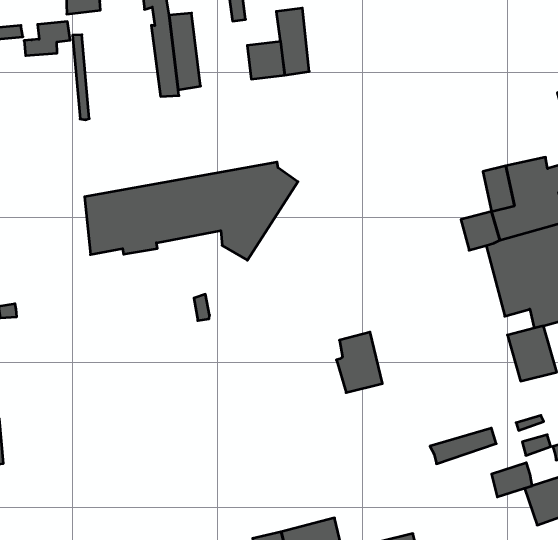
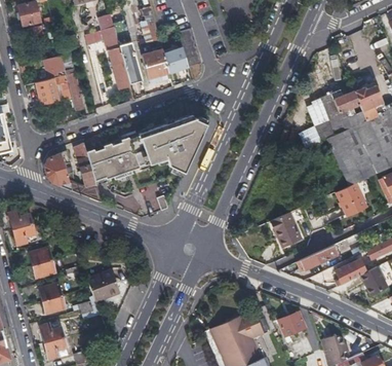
building: none -> [143,47,169,76]
building: none -> [34,74,73,101]
building: none -> [44,143,100,200]
building: [336,332,382,393] -> [275,211,303,247]
building: none -> [86,268,120,300]

